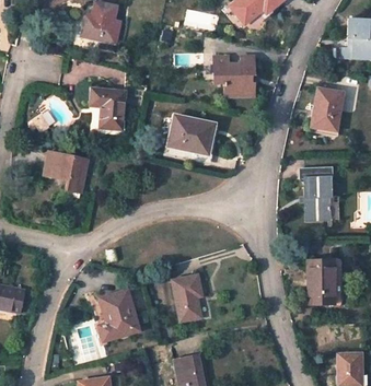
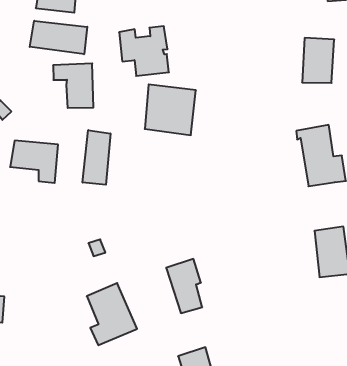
building: none -> [30,21,87,54]
building: [213,55,255,96] -> [119,26,169,76]
building: none -> [83,130,110,185]

